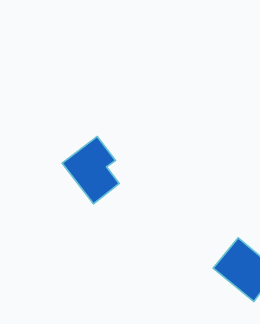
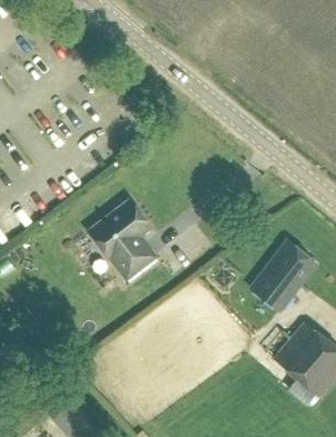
building: none -> [255,242,316,307]

